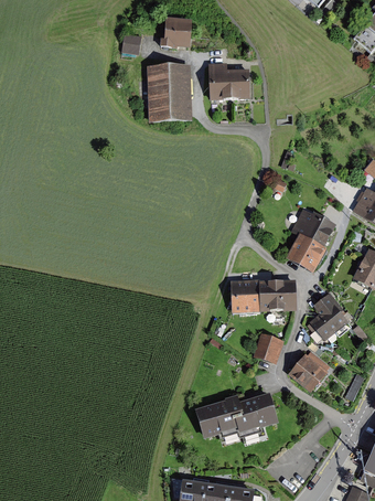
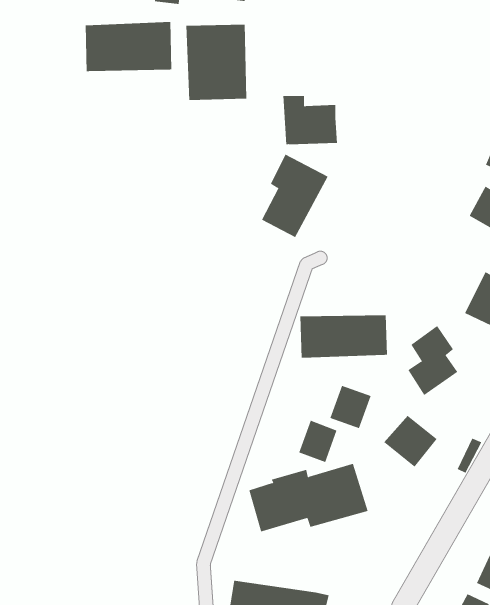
building: [210,62,250,98] -> [282,95,338,145]
building: none -> [85,21,172,72]
building: [286,210,335,271] -> [261,154,329,238]
building: none -> [299,420,337,463]

